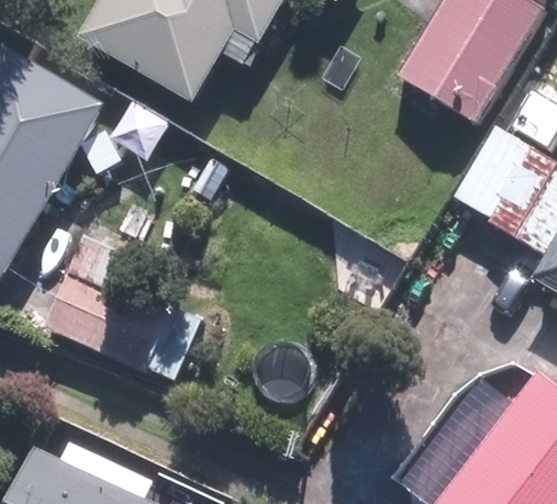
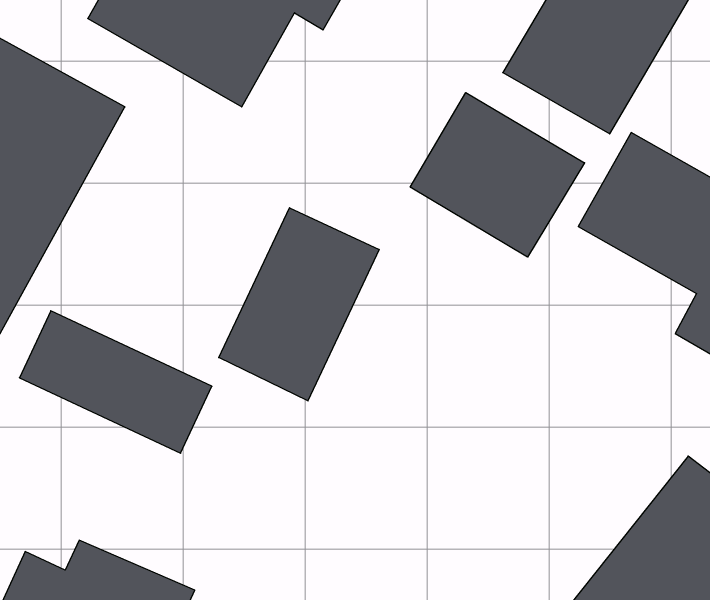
building: none -> [410,93,585,257]
building: none -> [219,208,379,401]

